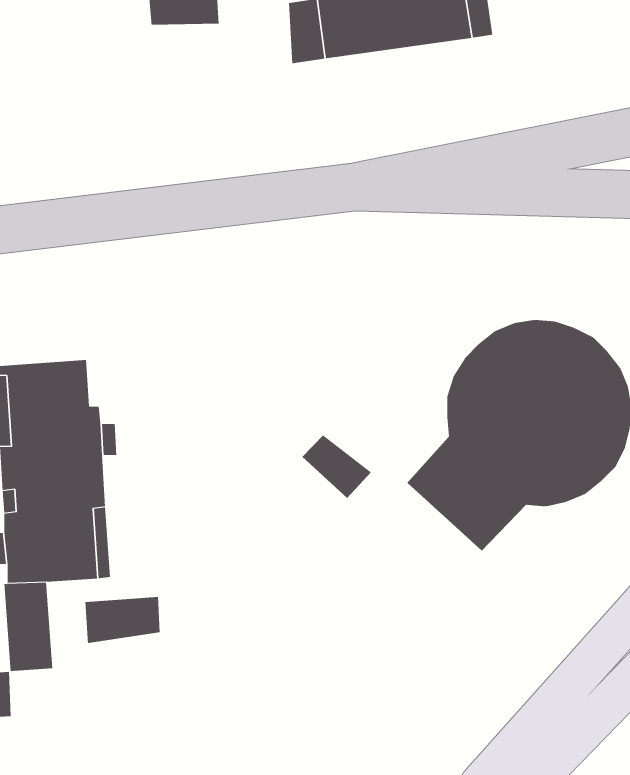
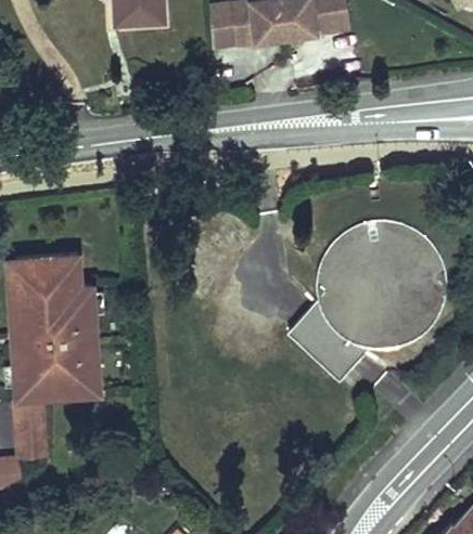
building: [301,435,372,499] -> none
building: [85,596,160,644] -> none

